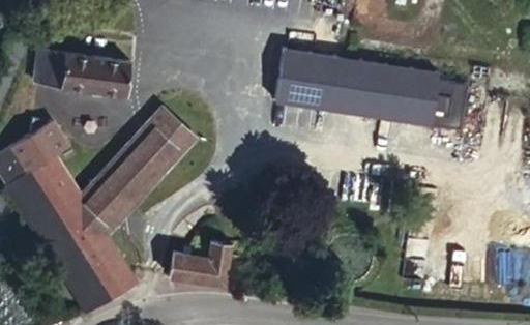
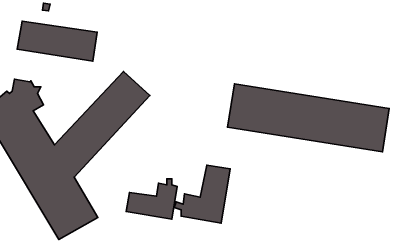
building: [271,52,468,135] -> [228,84,389,152]
building: none -> [174,165,230,223]

